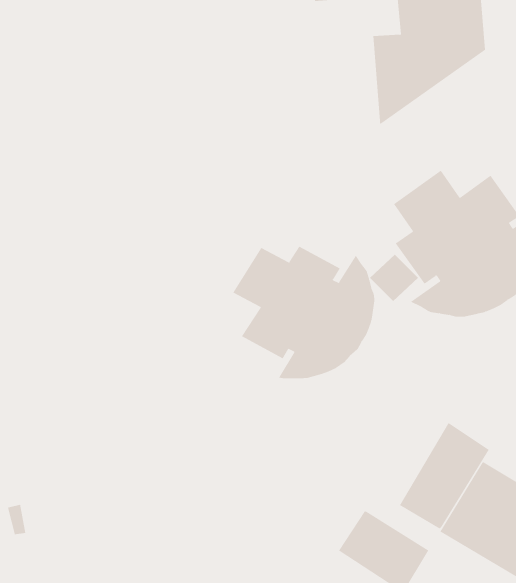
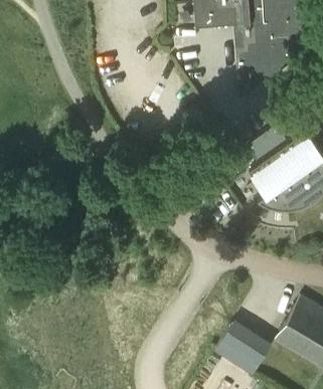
building: [232,246,375,379] -> none
building: [399,422,490,529] -> none

